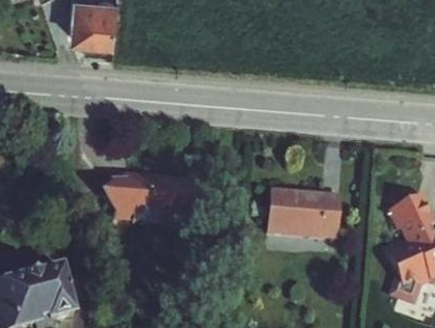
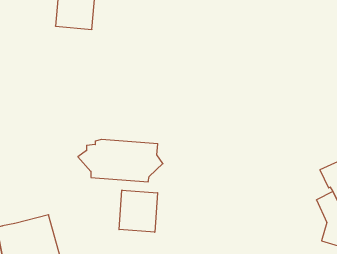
building: [266,188,339,240] -> none
building: none -> [119,190,158,232]

